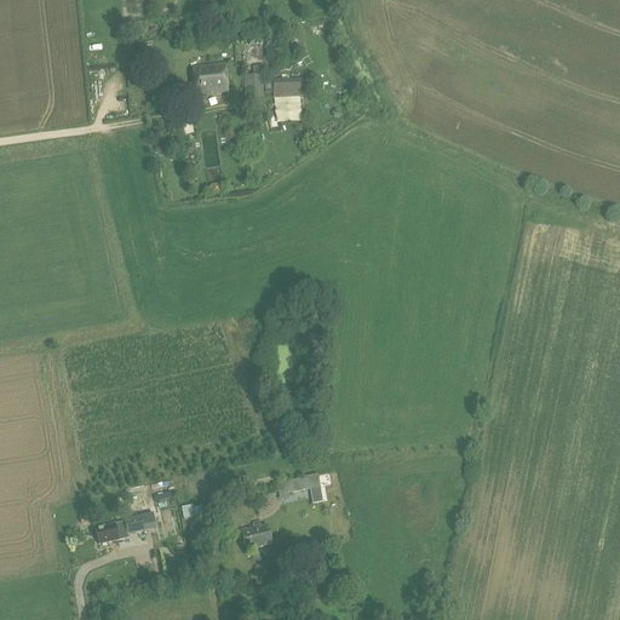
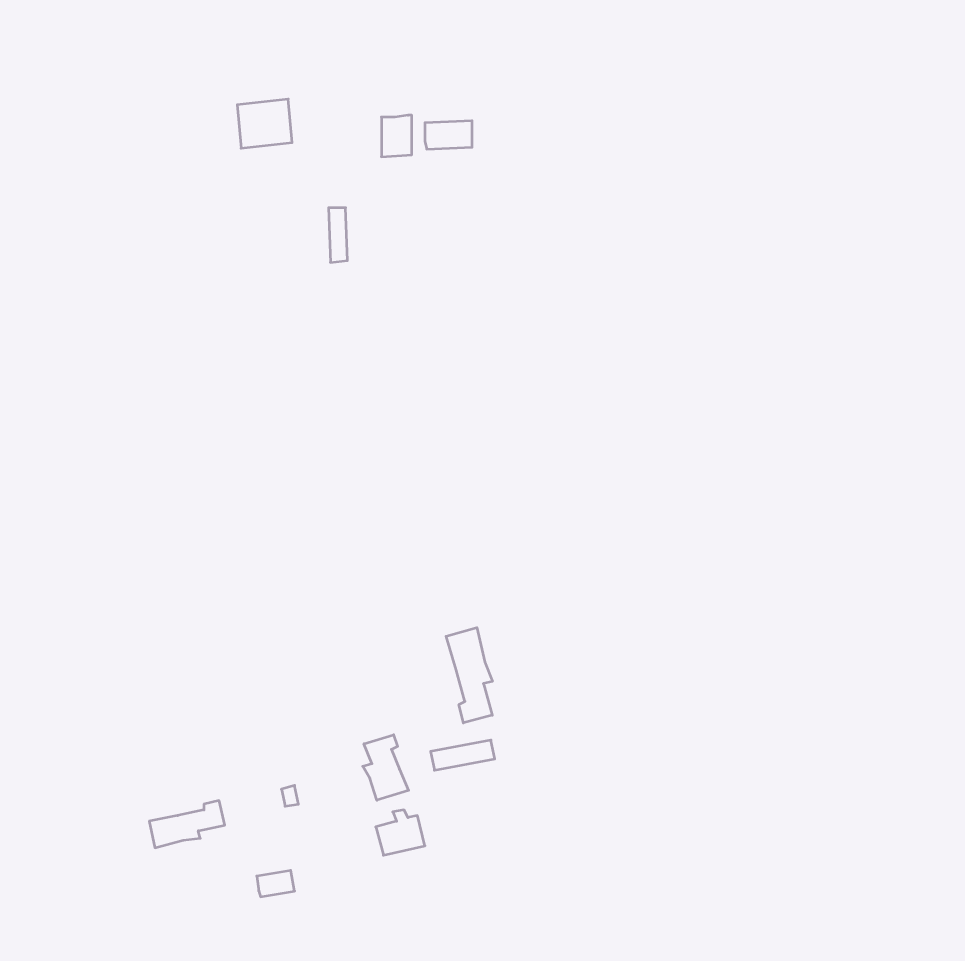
building: [193,63,228,94] -> [237,99,292,148]
building: none -> [446,628,492,723]
building: none -> [363,735,409,800]

